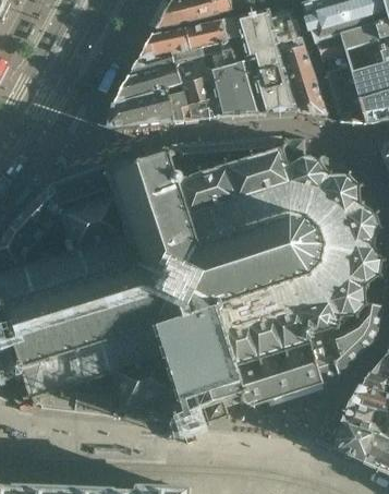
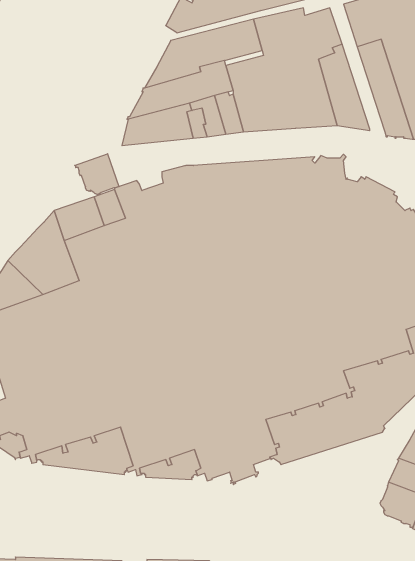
building: none -> [75,154,119,195]

